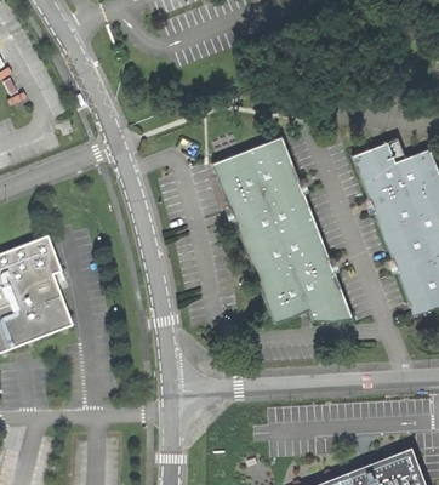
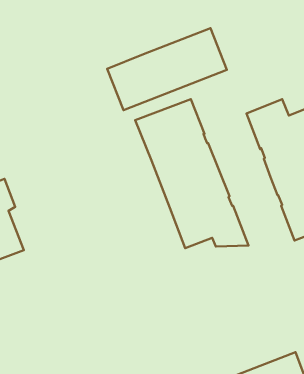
building: none -> [107,28,227,110]

